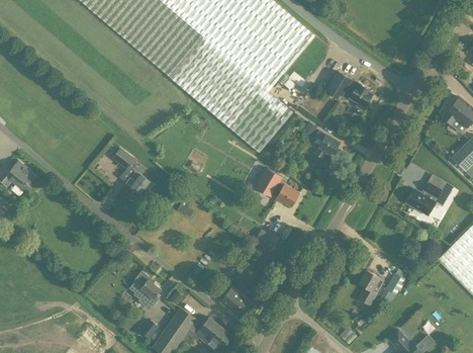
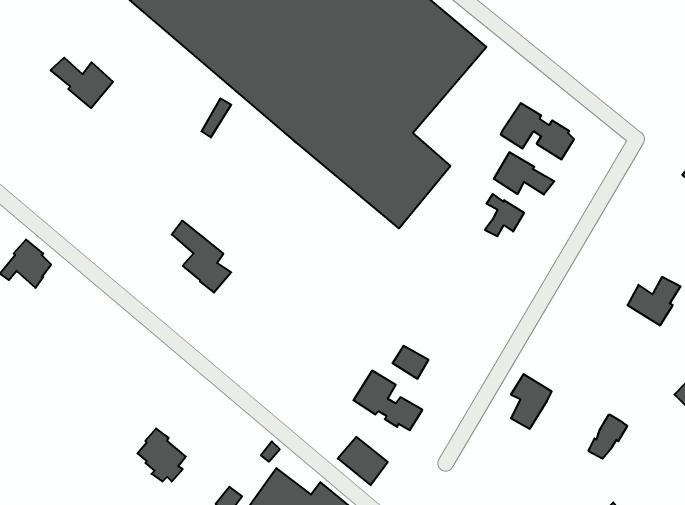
building: none -> [51,58,113,108]
building: none -> [494,152,554,195]
building: [255,168,299,206] -> [353,371,422,430]
building: [358,270,384,305] -> [511,374,552,429]
building: [129,271,161,305] -> [137,428,186,482]

